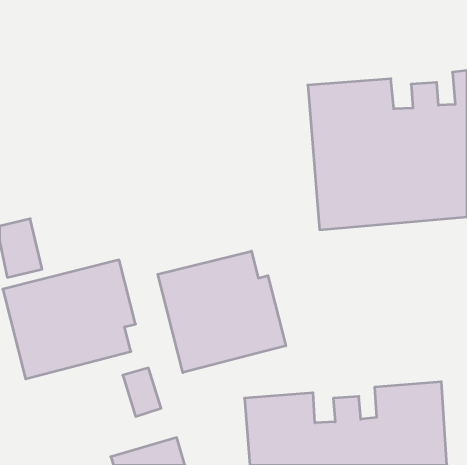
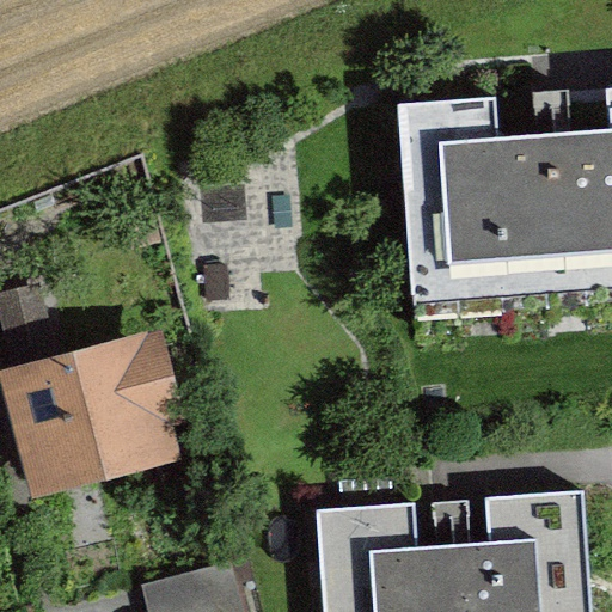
building: [158,251,286,373] -> none

